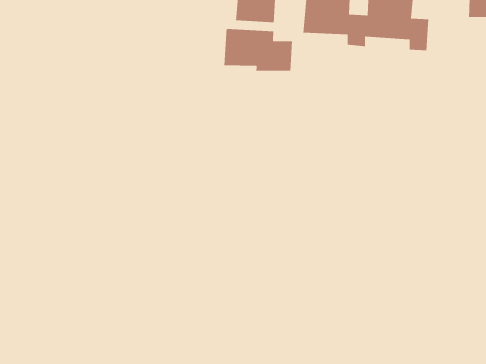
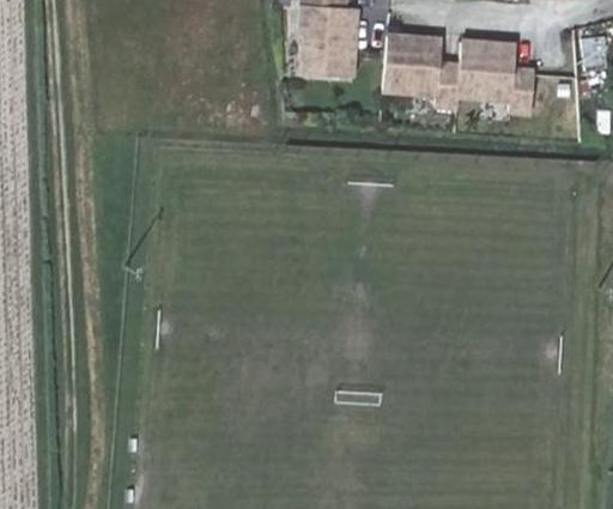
building: [224,28,293,72] -> none

